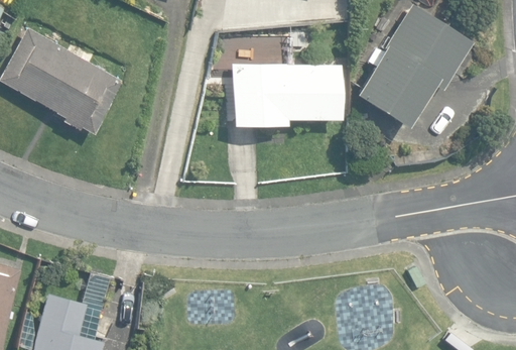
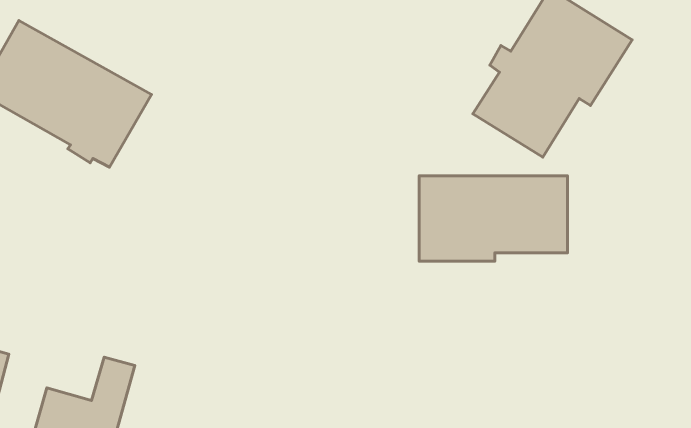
building: [234,66,341,127] -> [419,176,567,261]

